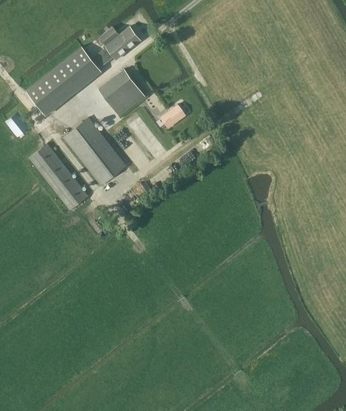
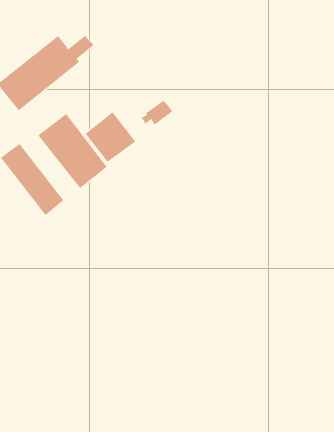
building: [100,26,140,59] -> none
building: [99,69,145,115] -> [85,111,136,163]

